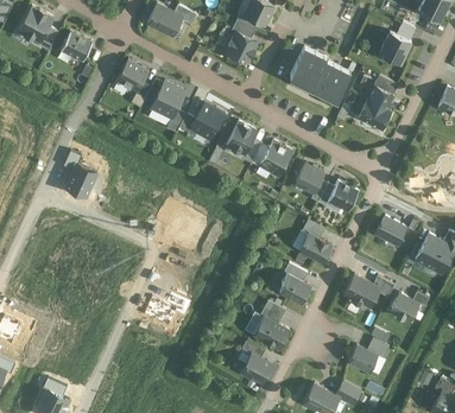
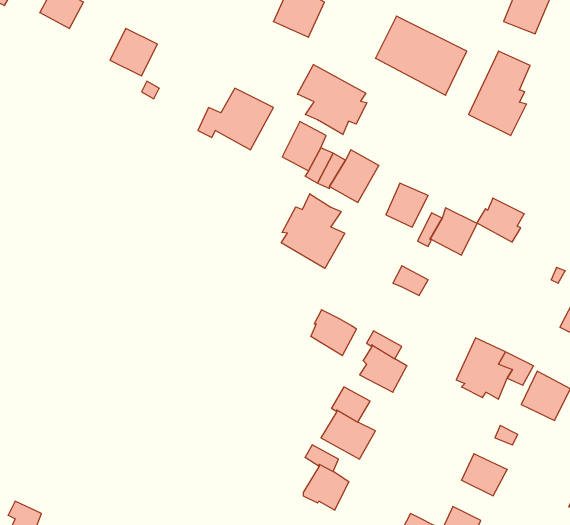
building: [144,80,179,131] -> none
building: none -> [297,65,367,135]
building: [64,147,97,193] -> none
building: none -> [281,194,345,268]
building: [374,216,406,246] -> [477,198,524,242]
building: [301,233,331,263] -> [311,310,356,356]

